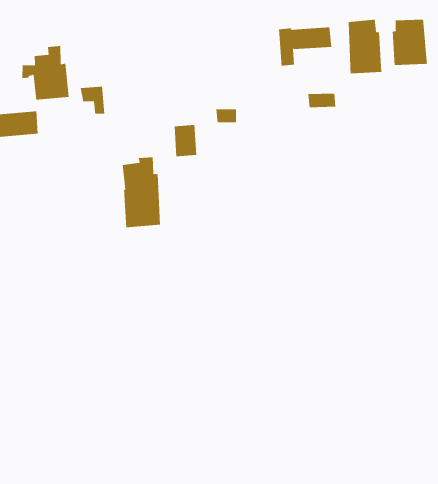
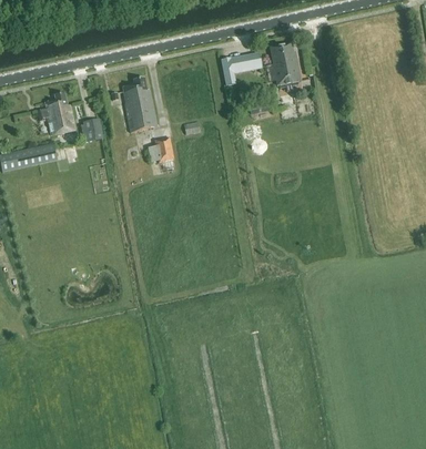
building: [392,19,427,66] -> none
building: [122,157,161,228] -> [122,78,156,132]

